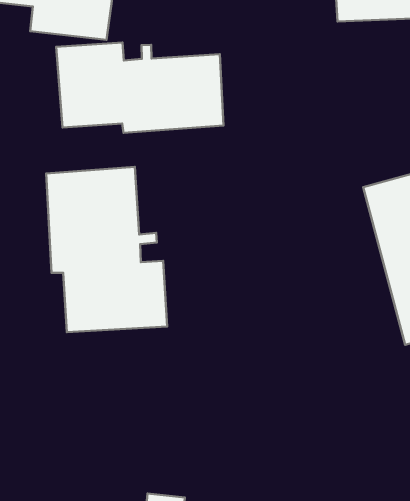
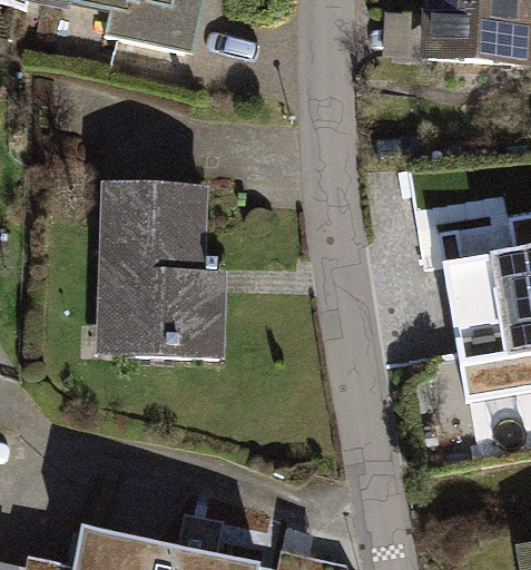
building: [56,42,224,133] -> none

